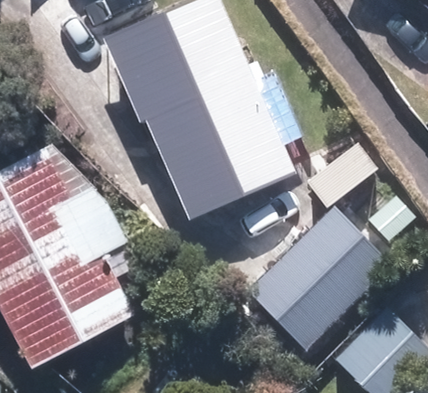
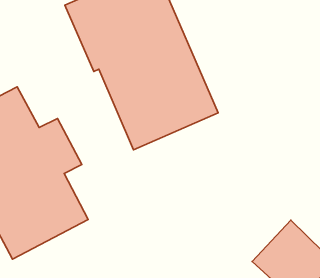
building: [213,238,354,352] -> none

